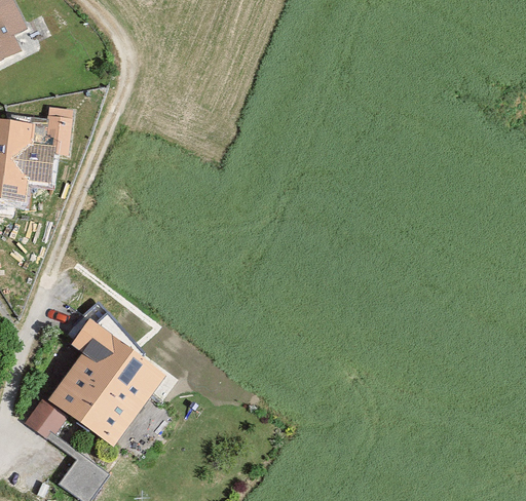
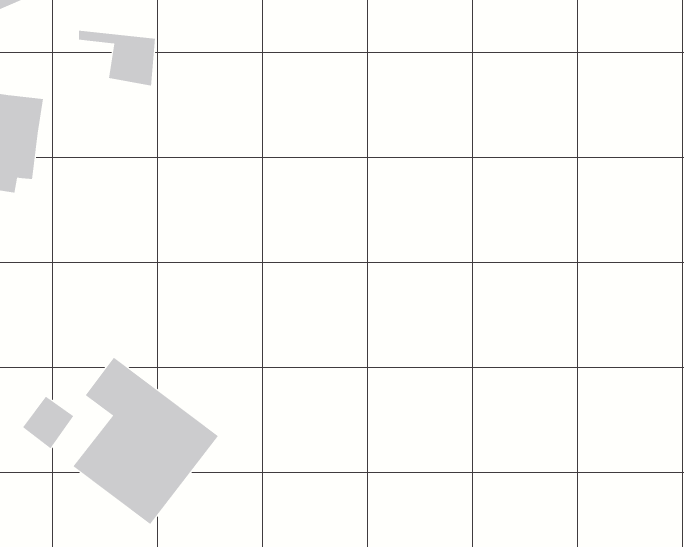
building: [10,114,69,156] -> [78,30,156,86]
building: [24,398,63,438] -> [22,396,74,449]

